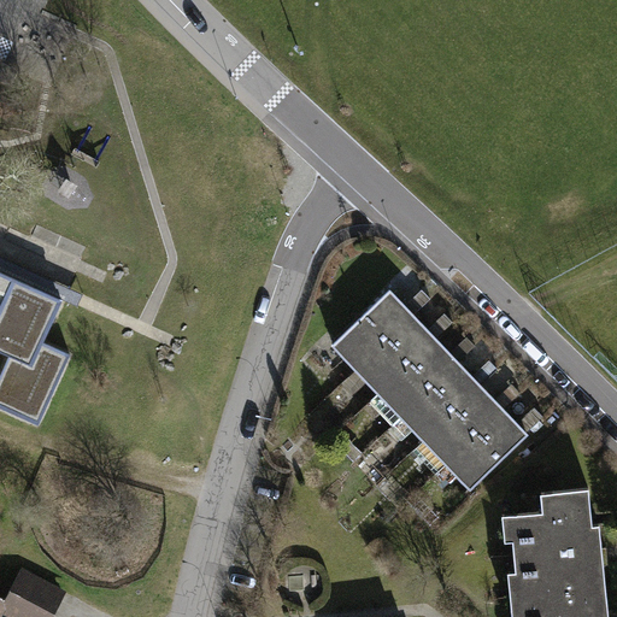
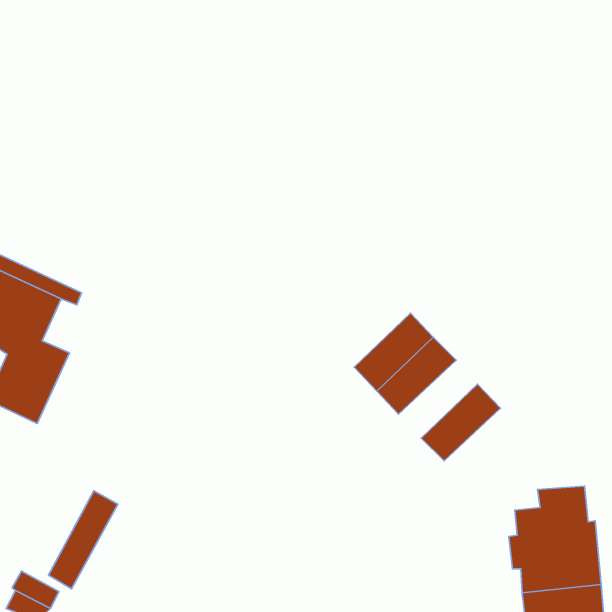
building: [331,292,412,370] -> none
building: [400,363,480,441] -> none
building: [446,411,525,489] -> none
building: none -> [49,491,118,589]

